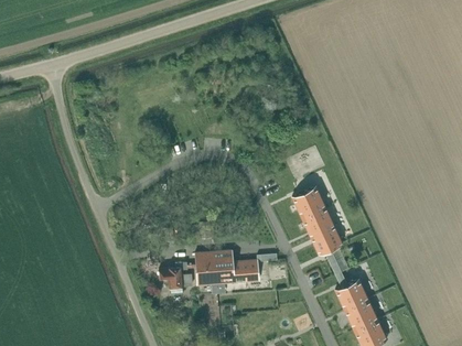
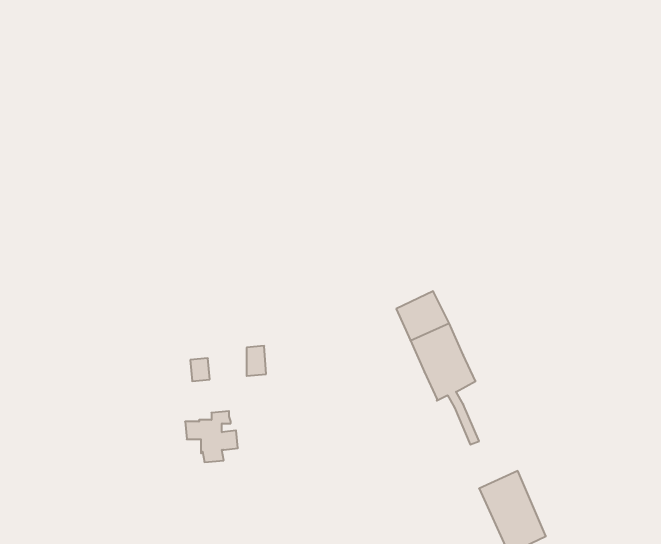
building: [194,250,258,285] -> none
building: [334,279,368,310] -> none

